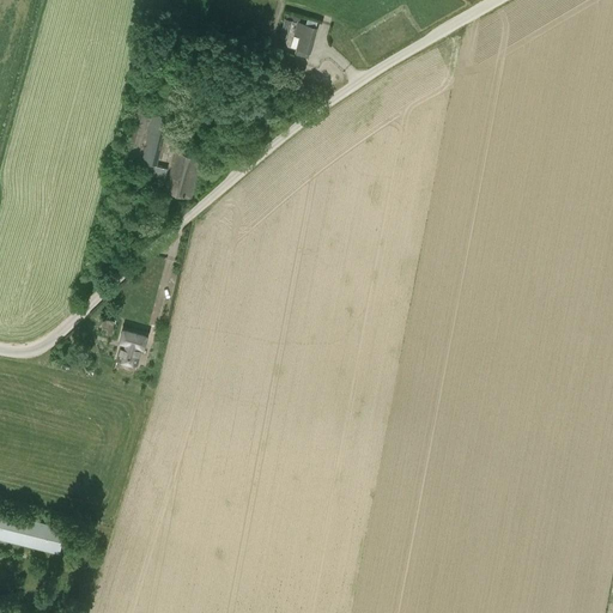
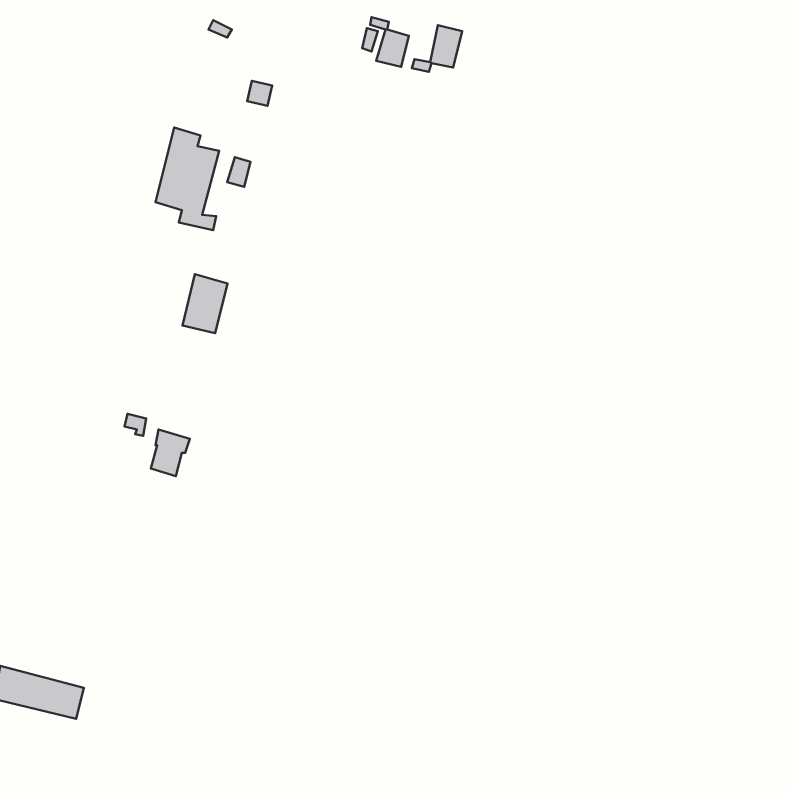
building: none -> [412,25,462,72]
building: [165,153,200,199] -> [183,274,228,333]

